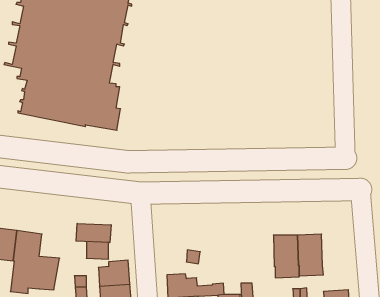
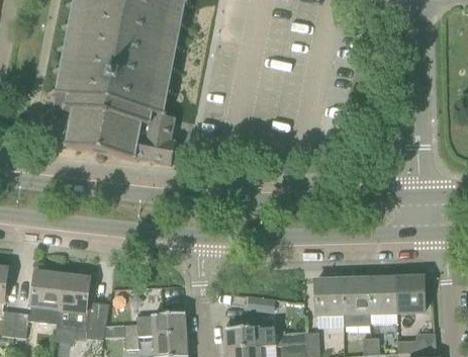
building: [76,223,111,243] -> none
building: none -> [394,277,424,313]
building: none -> [314,279,344,327]

